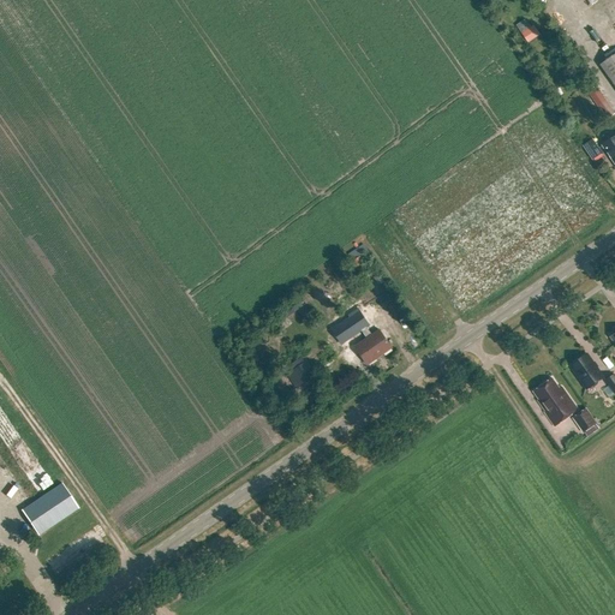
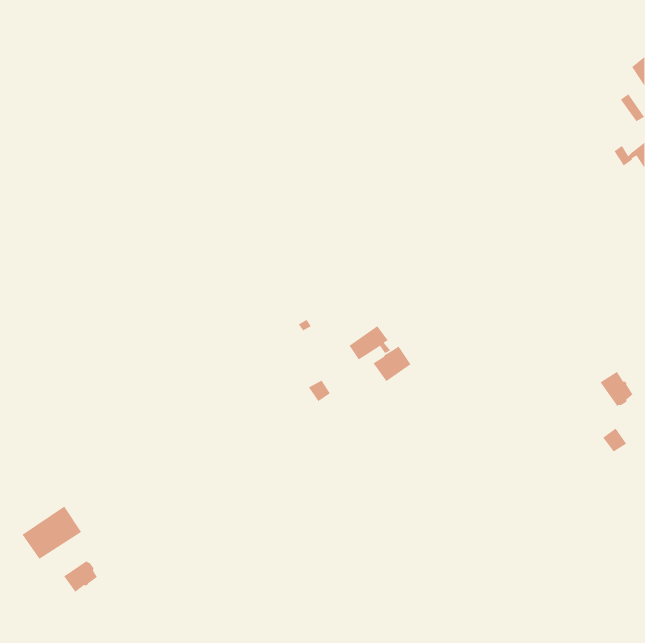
building: [533,377,578,425] -> none
building: none -> [63,560,98,593]

